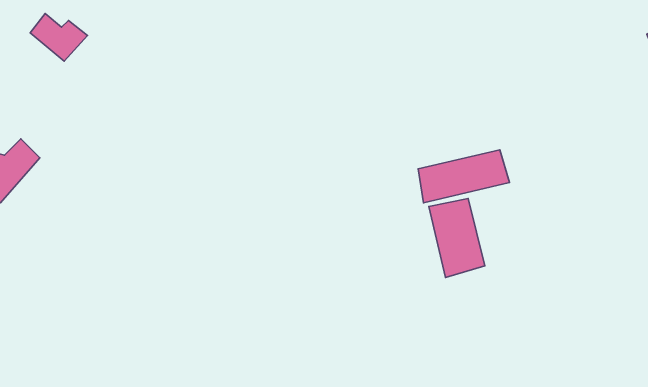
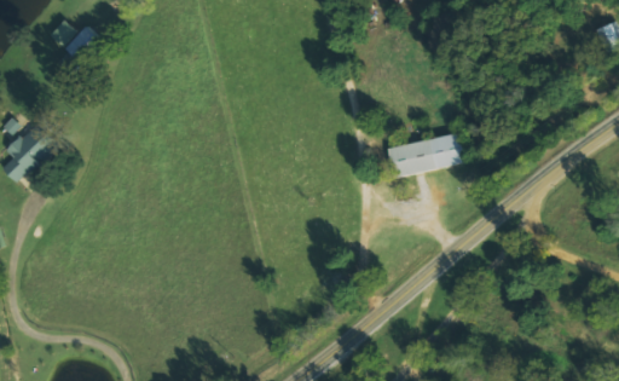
building: [429,198,485,277] -> none

